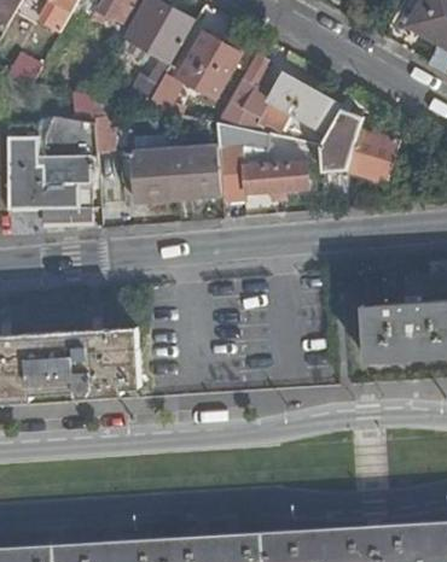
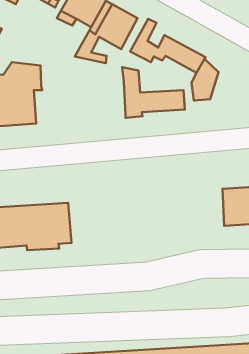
building: [95,94,222,199] -> none
building: [217,99,300,139] -> none
building: [348,129,396,180] -> none

